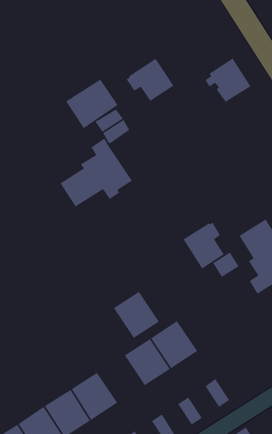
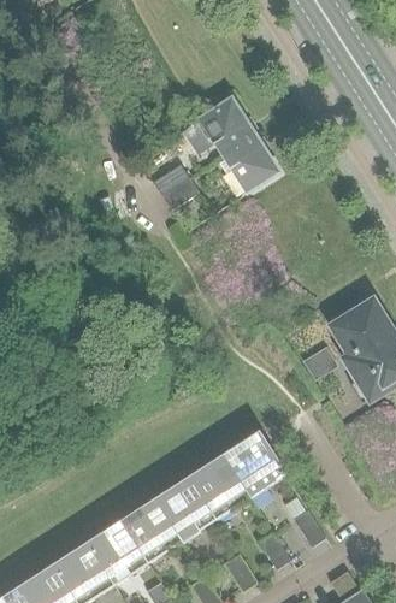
building: [205,57,252,104] -> [218,132,278,193]
building: [65,78,118,129] -> none
building: [59,138,133,207] -> none
building: [183,222,225,269] -> none
building: [113,291,160,339] -> [155,477,215,538]

